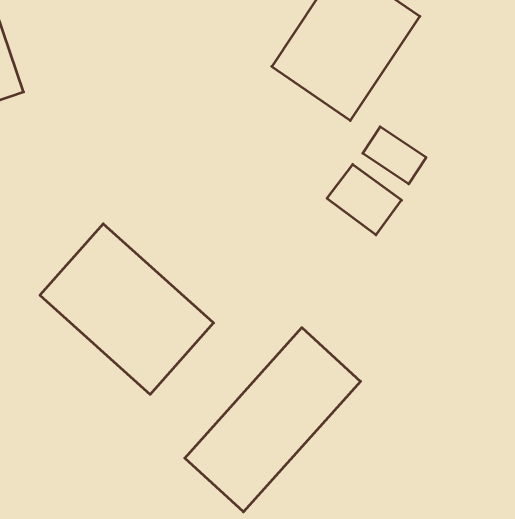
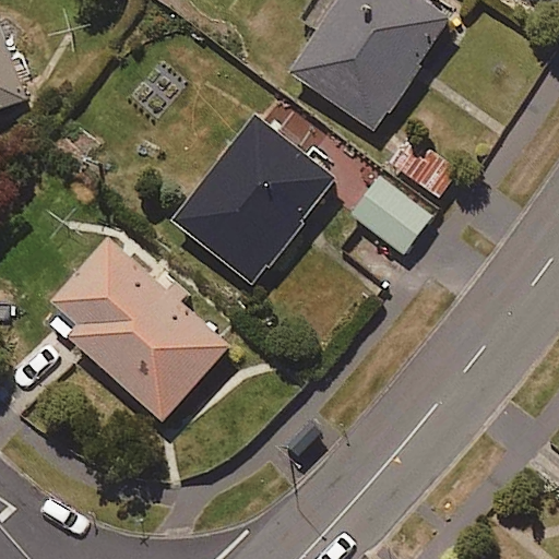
building: none -> [173,116,334,283]
building: [185,328,361,512] -> none

